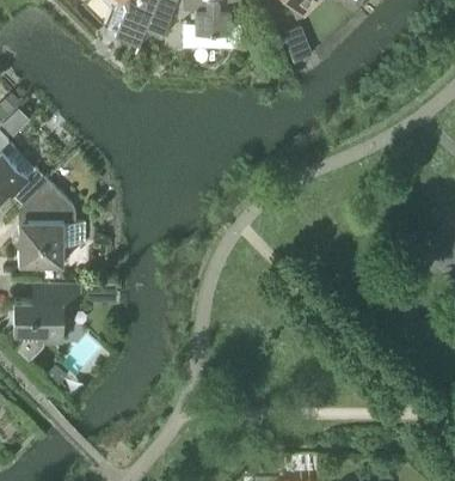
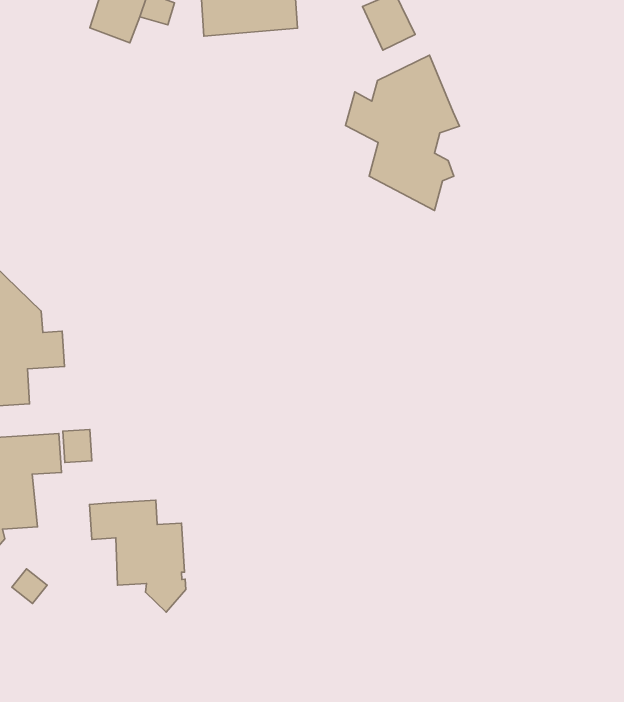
building: none -> [346,55,459,211]
building: none -> [90,500,186,612]

